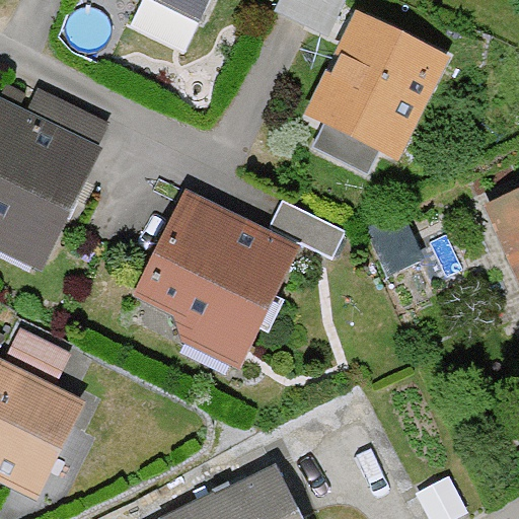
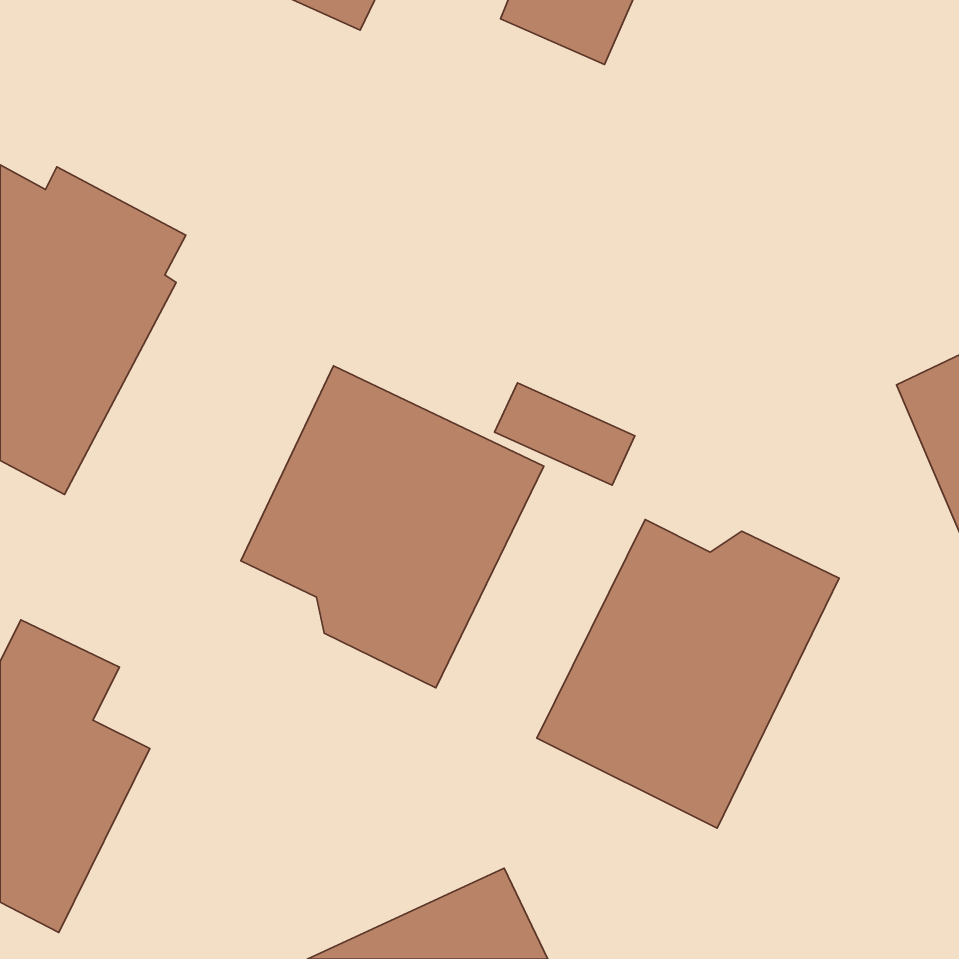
building: [305,11,442,175] -> none
building: none -> [537,520,839,828]

